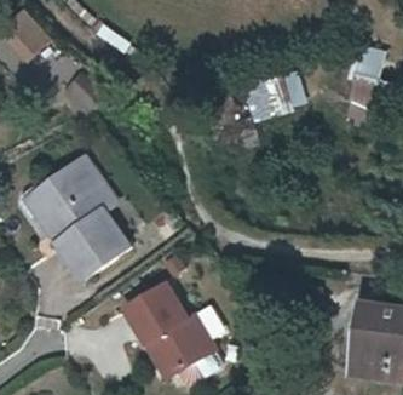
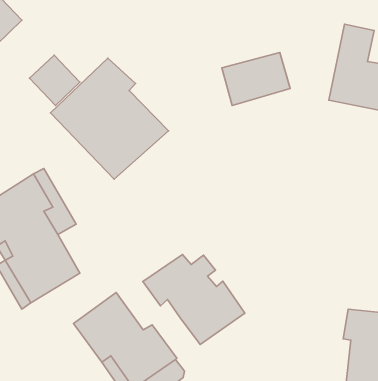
building: none -> [51,58,169,179]
building: none -> [143,254,245,345]

